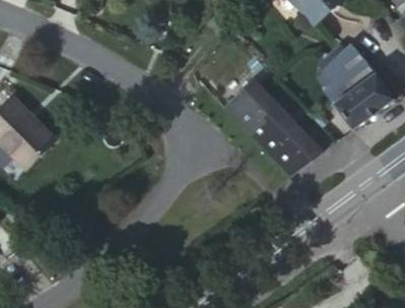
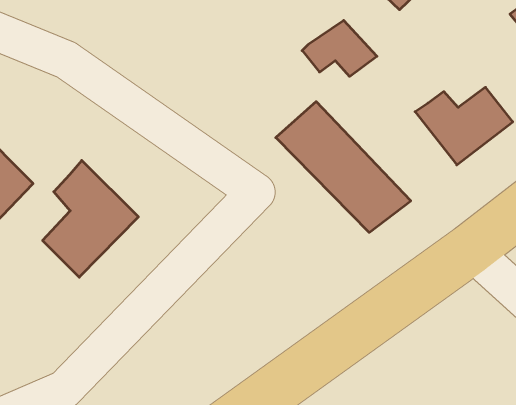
building: [321,46,374,85] -> [302,20,377,76]
building: none -> [43,160,138,277]

